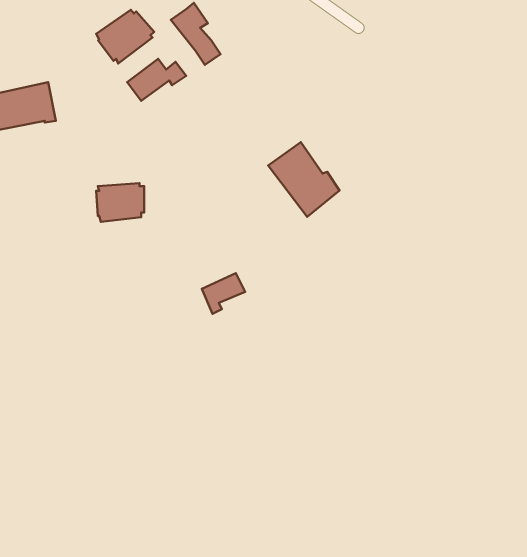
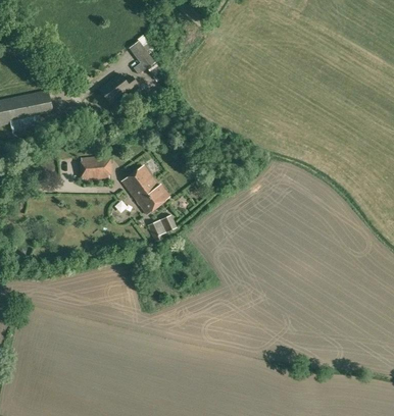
building: [96,10,154,63] -> none
building: [268,142,340,217] -> [121,165,168,214]

